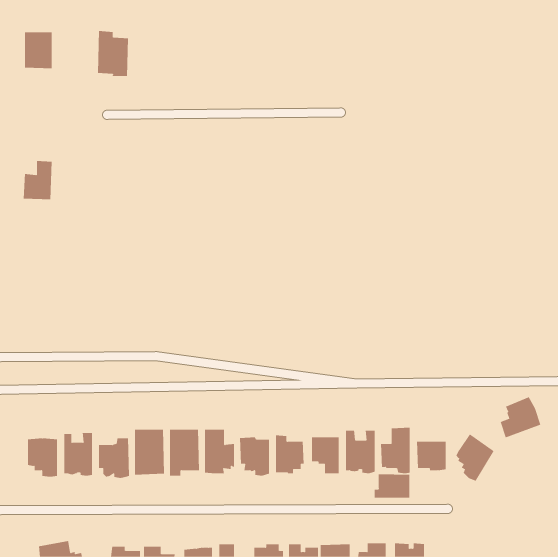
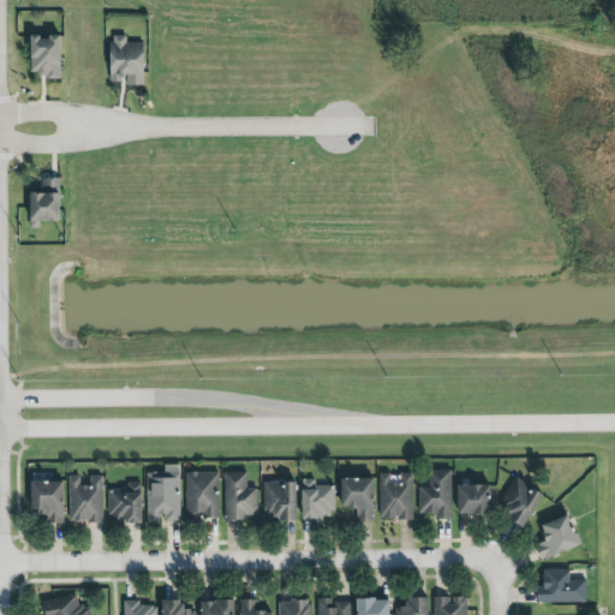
building: [500,397,541,438] -> [536,517,581,562]
building: [374,473,410,499] -> none
building: none -> [538,568,587,603]

